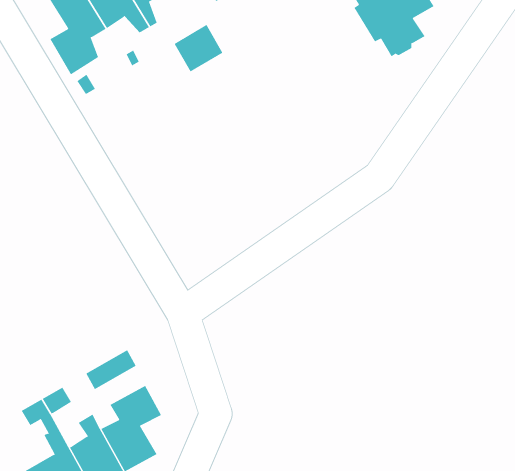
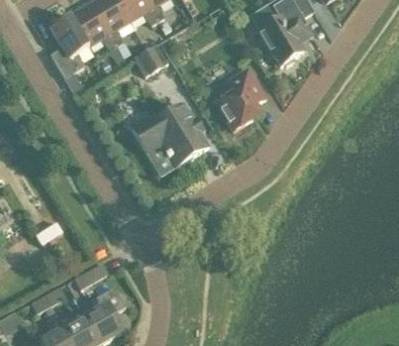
building: none -> [215,68,266,131]
building: none -> [130,104,208,174]

